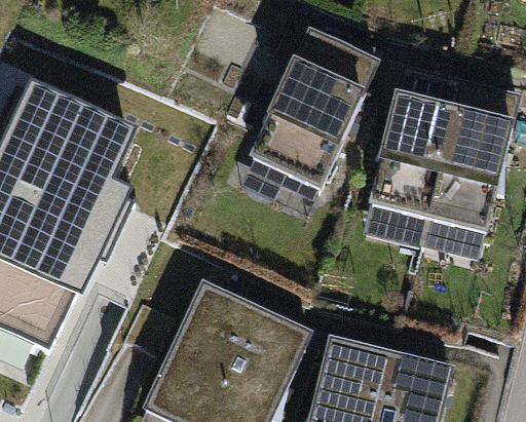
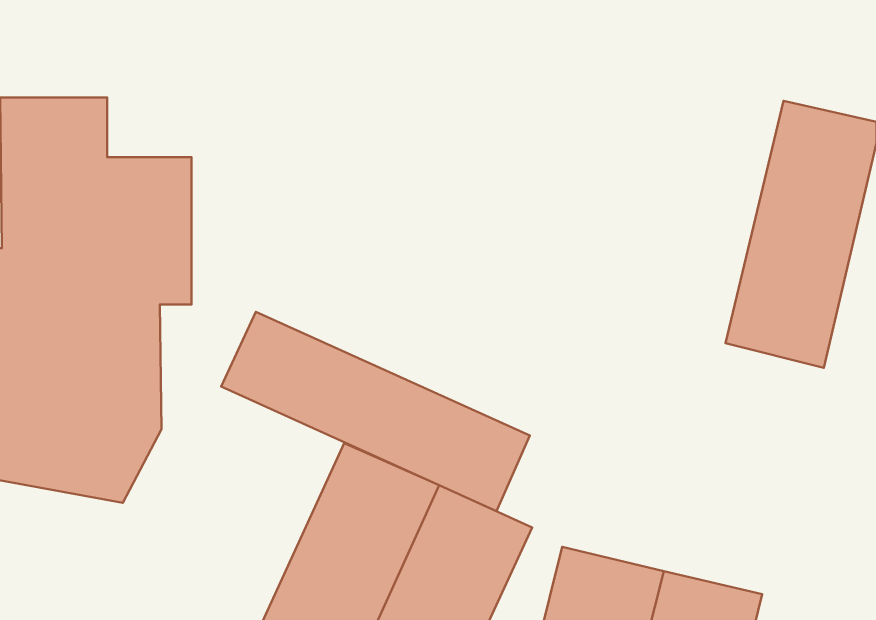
building: [243,31,382,198] -> none
building: [365,69,458,225] -> none
building: none -> [221,312,530,511]

